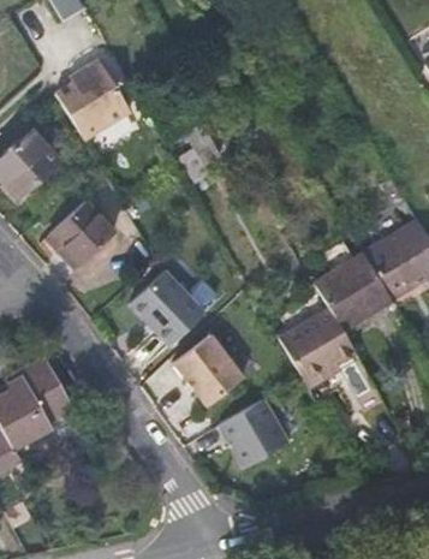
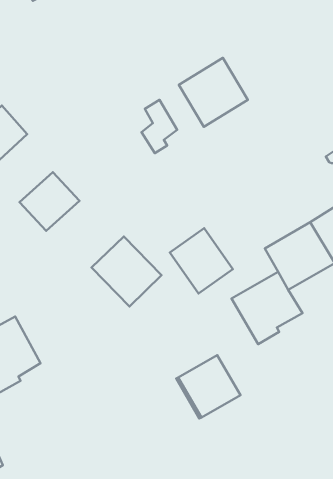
building: [55,54,130,139] -> none
building: none -> [179,58,248,127]
building: [174,338,243,409] -> [170,228,233,294]

